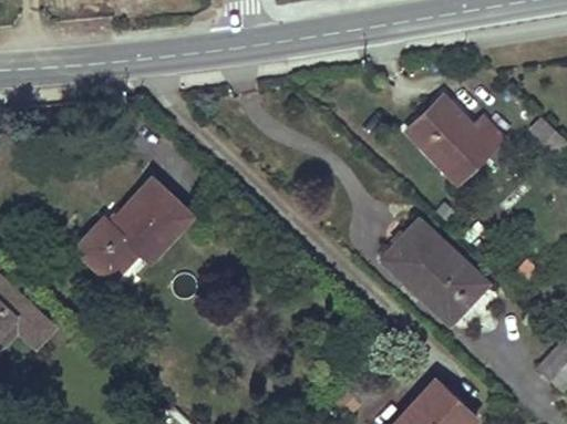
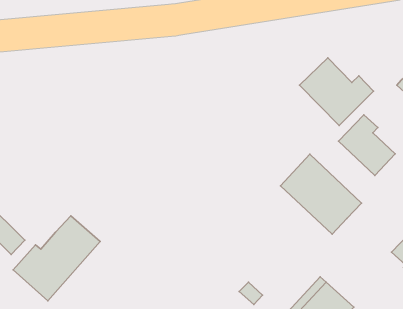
building: none -> [338,115,395,175]
building: [79,182,190,291] -> [13,216,100,301]

